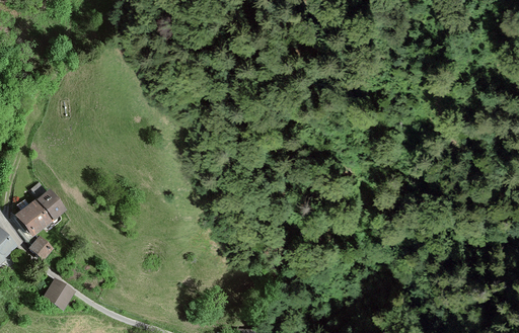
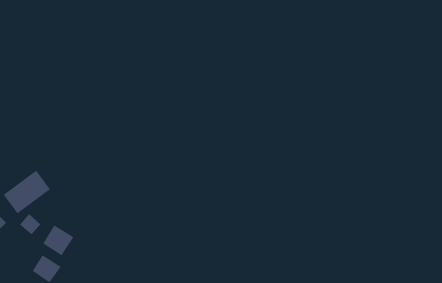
building: none -> [42,225,74,256]

